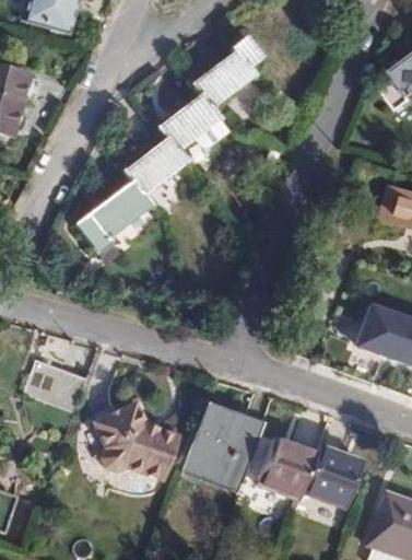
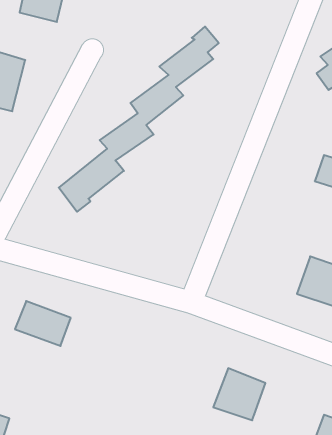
building: [97,400,183,478] -> none
building: [184,405,263,492] -> none
building: [305,445,364,506] -> none

